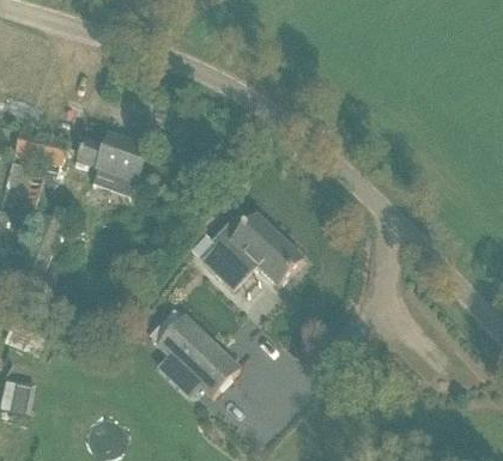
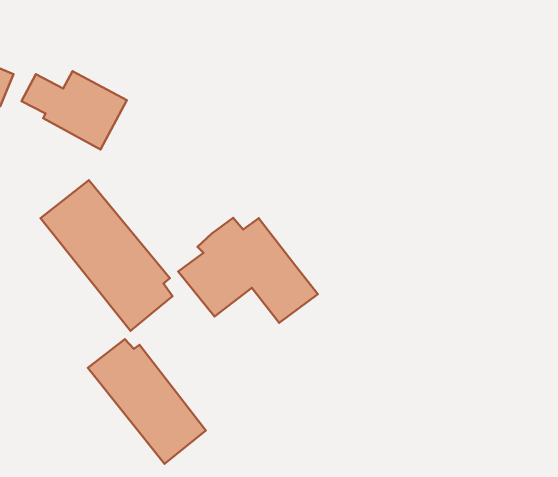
building: none -> [41,180,173,331]

